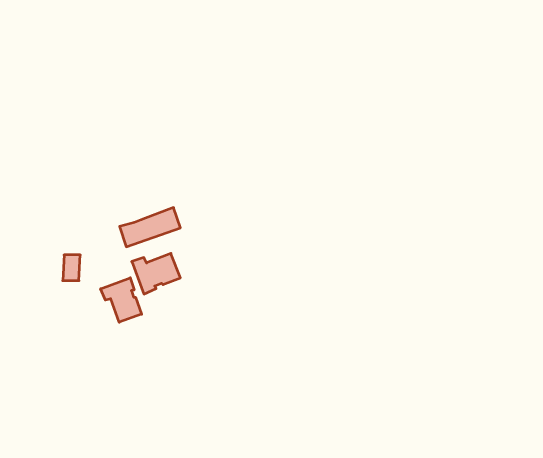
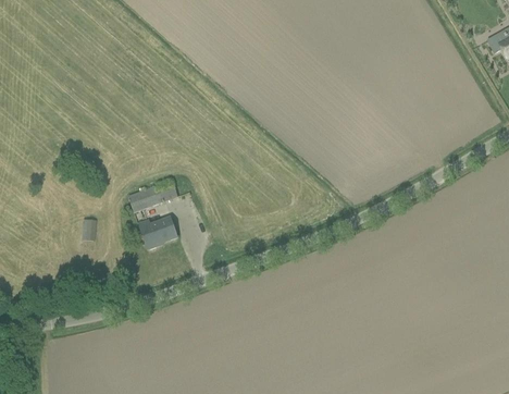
building: [101,278,142,322] -> none

